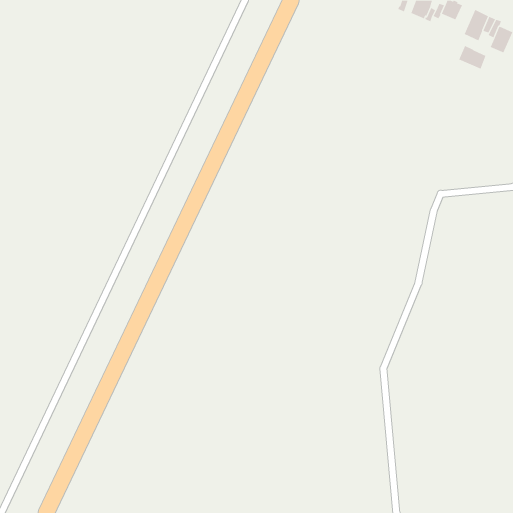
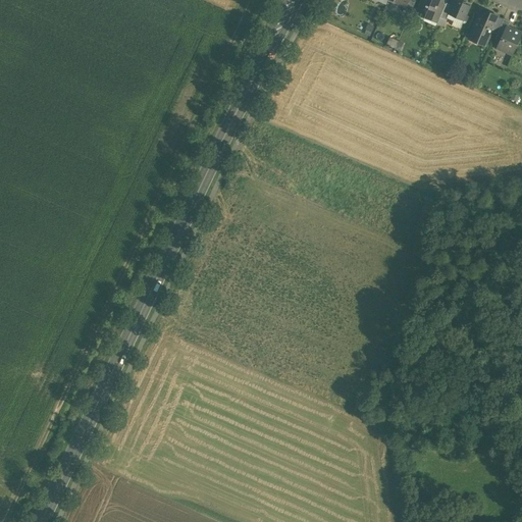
building: [459,45,486,69] -> none

